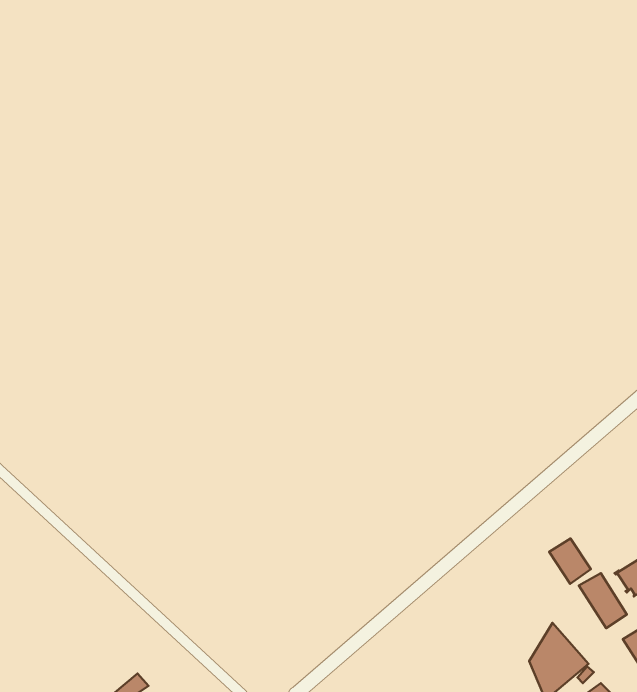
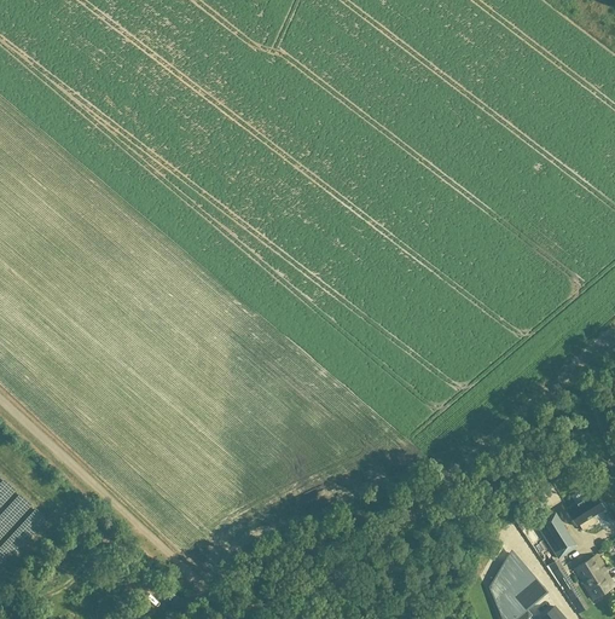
building: [549,538,591,584] -> none

